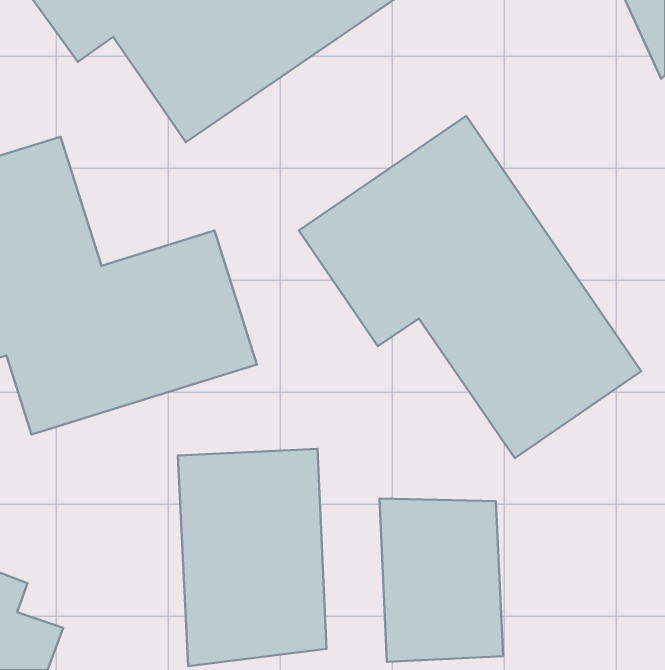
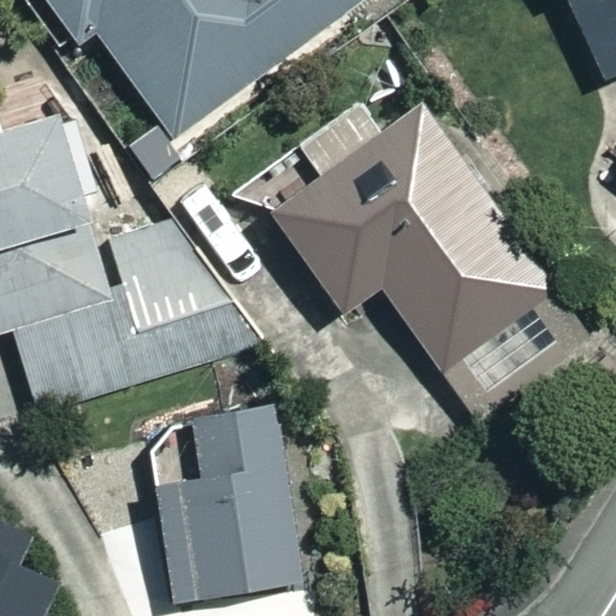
building: [380,499,503,662] -> none

